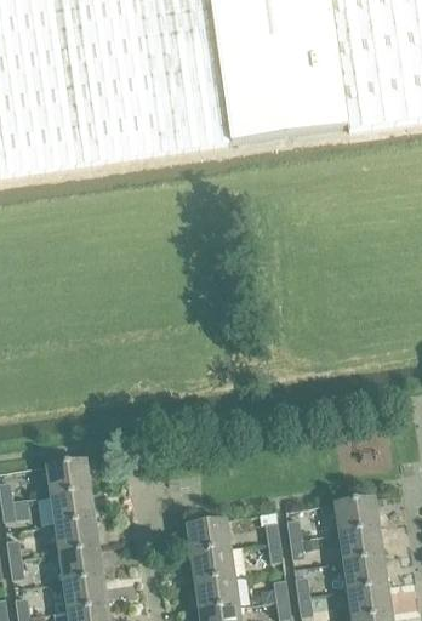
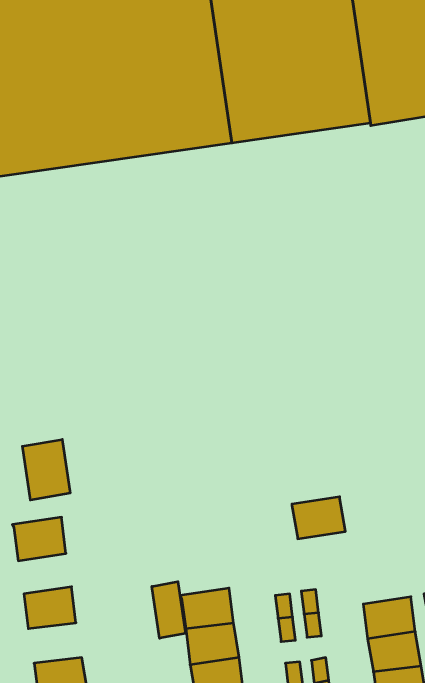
building: none -> [22,439,70,500]
building: [49,490,93,524] -> none
building: [333,497,378,532] -> [292,497,345,539]
building: none -> [152,582,186,638]
building: [57,548,102,582] -> none

